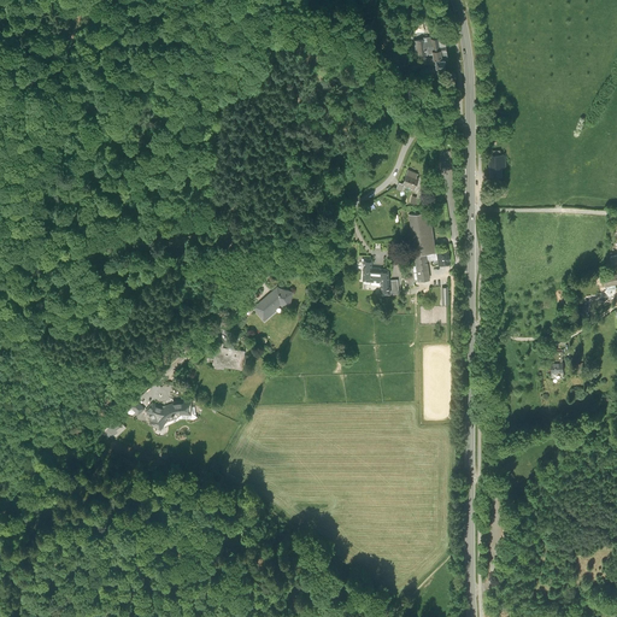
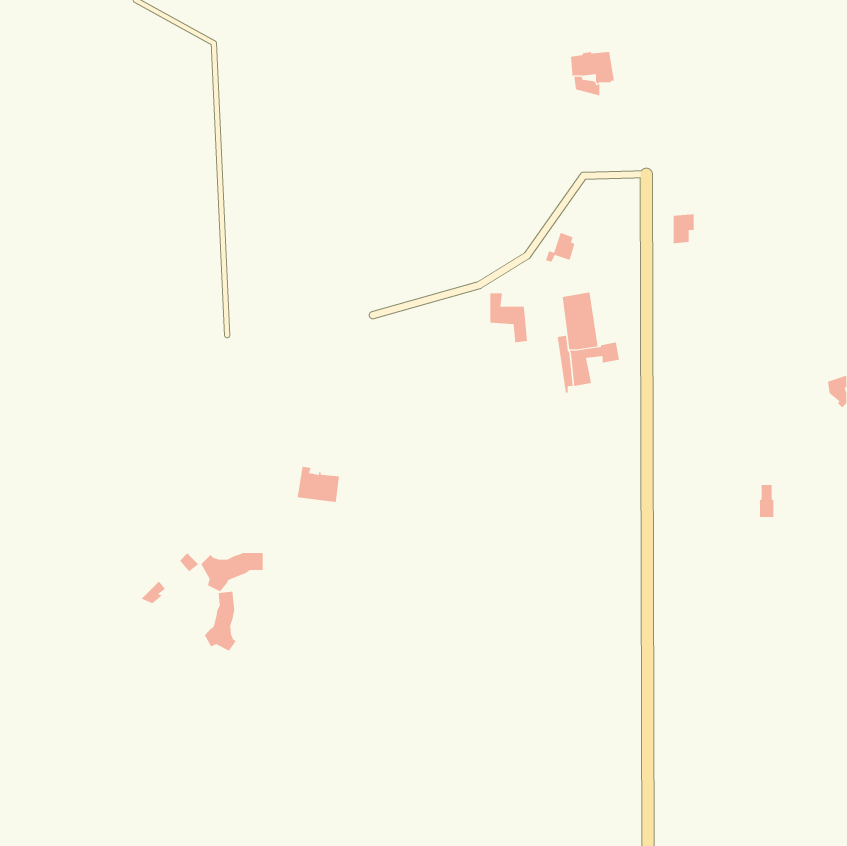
building: [363,259,390,295] -> [490,293,528,343]
building: [253,287,293,322] -> none
building: none -> [204,591,236,652]

